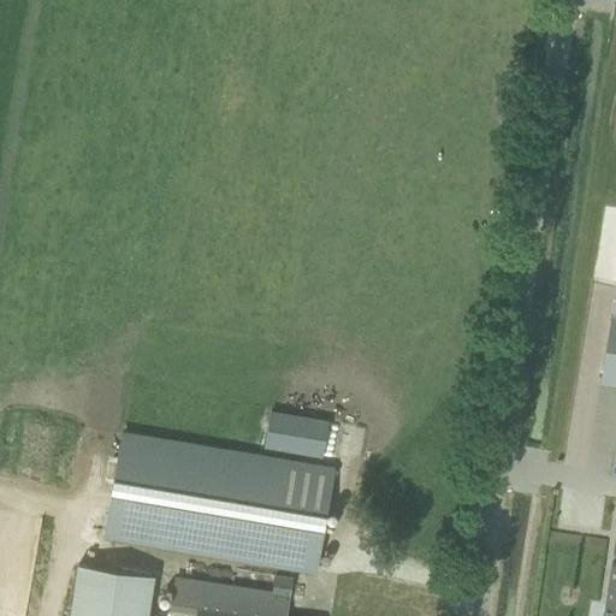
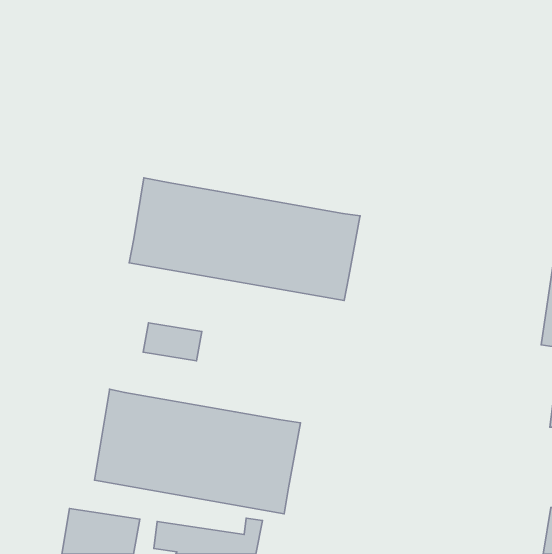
building: none -> [129,178,360,301]
building: [266,414,331,456] -> [143,323,202,361]

